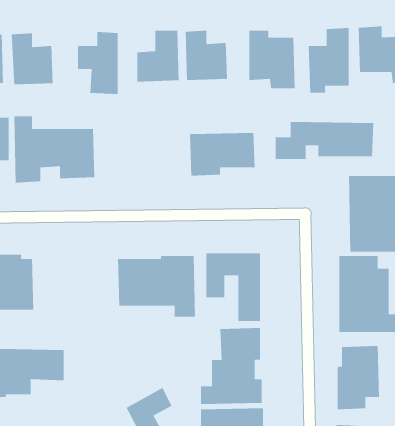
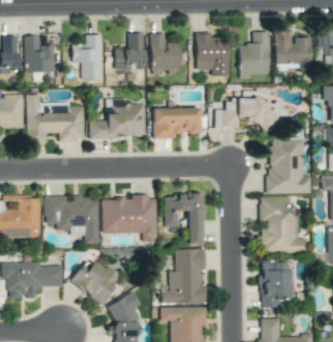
building: none -> [90,99,146,139]
building: none -> [45,196,99,243]
building: none -> [70,256,120,304]

